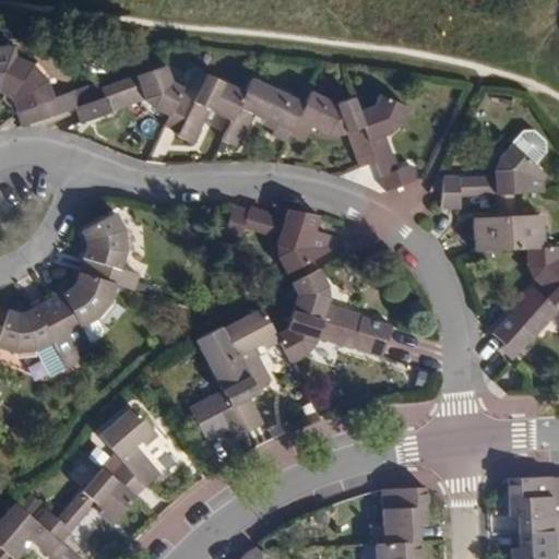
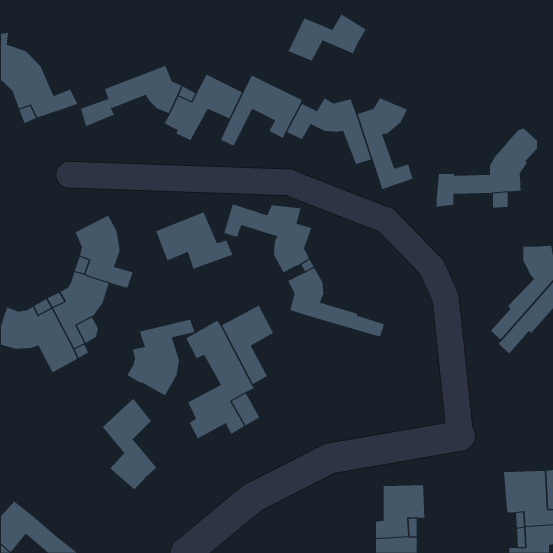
building: none -> [288,14,367,61]
building: [474,213,544,250] -> none
building: none -> [156,212,233,270]
building: [276,312,384,362] -> none
building: none -> [127,319,196,396]
building: [36,464,136,540] -> none

